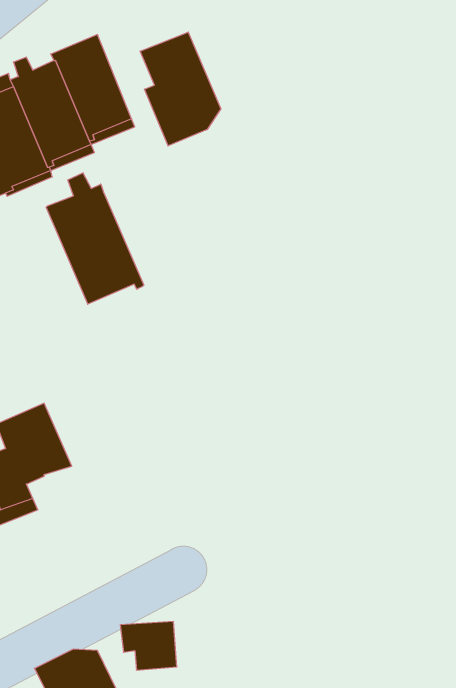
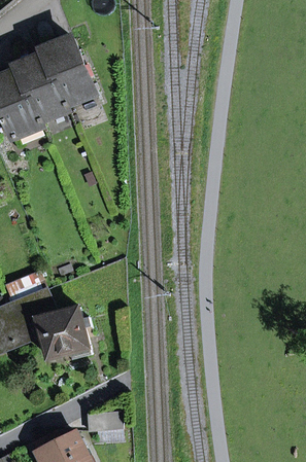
building: [140,32,221,146] -> none
building: [46,173,144,304] -> none
building: none -> [37,309,92,362]

